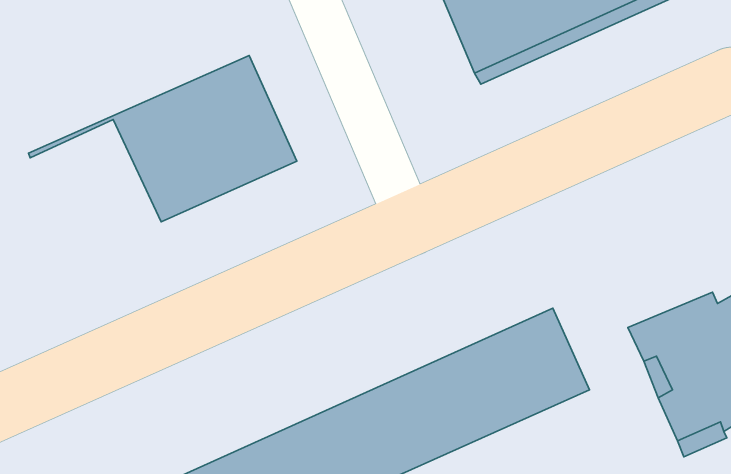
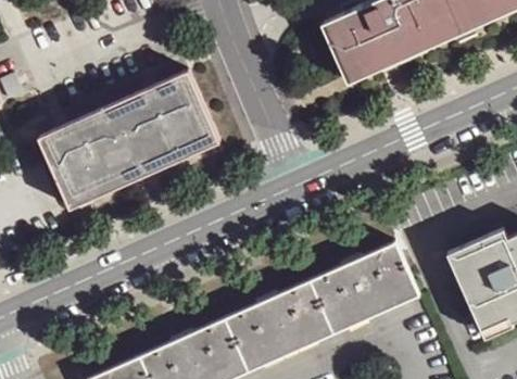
building: none -> [38,114,127,210]

